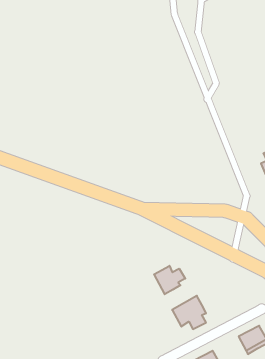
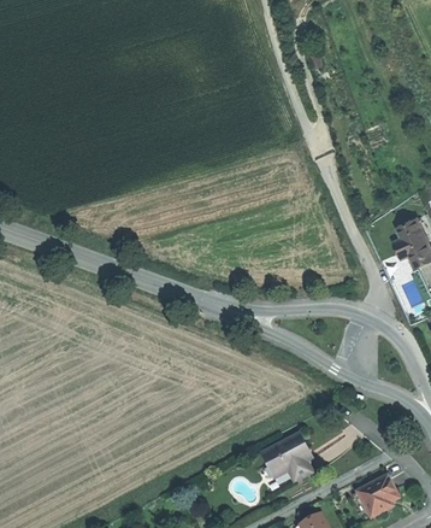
building: [154,266,185,294] -> none

